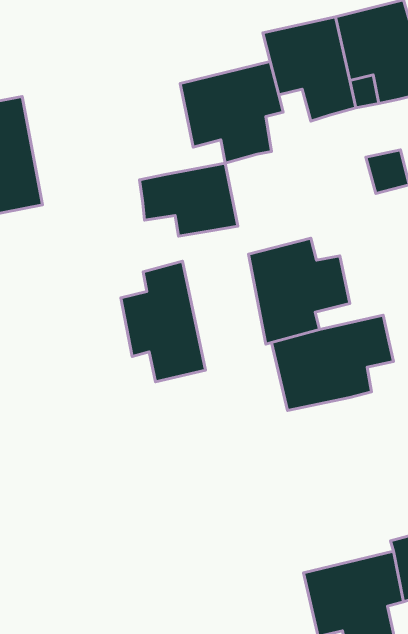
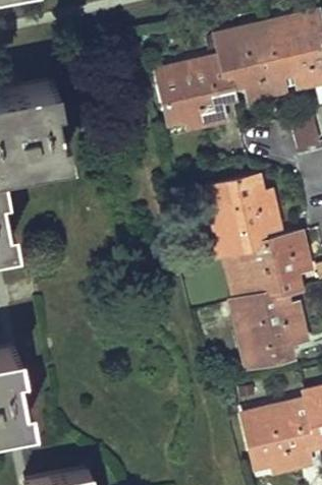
building: [140,163,238,236] -> none
building: [121,261,206,382] -> none
building: none -> [233,293,307,368]

